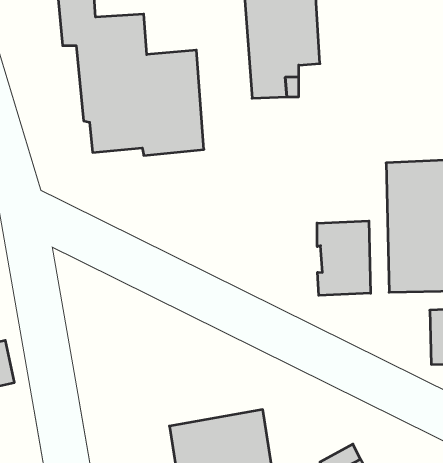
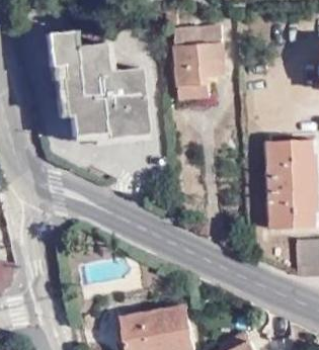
building: [317,221,371,295] -> none

